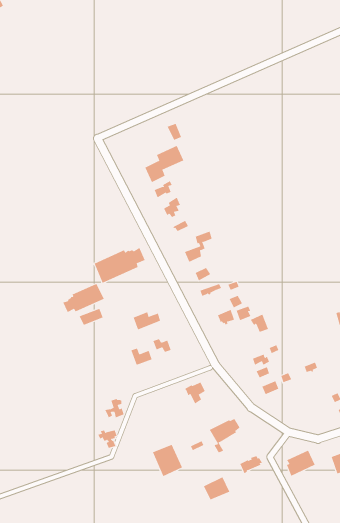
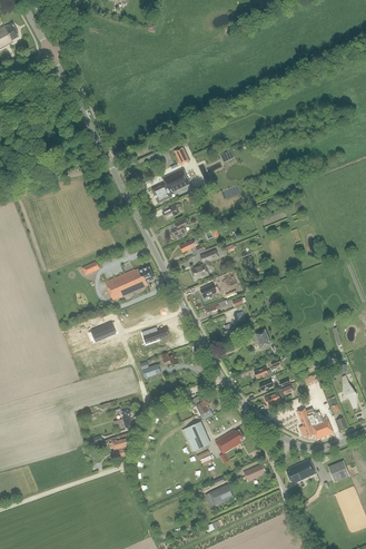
building: [63,283,104,313] -> none
building: none -> [297,406,333,438]
building: [152,444,183,477] -> [181,421,210,452]

